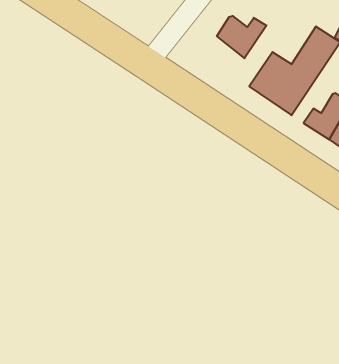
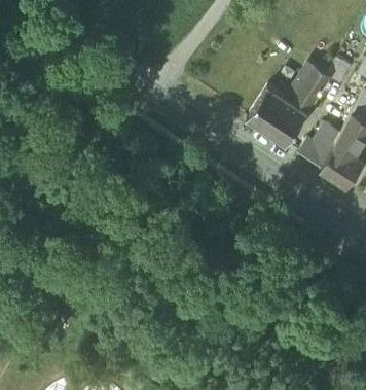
building: [217,16,266,58] -> none

